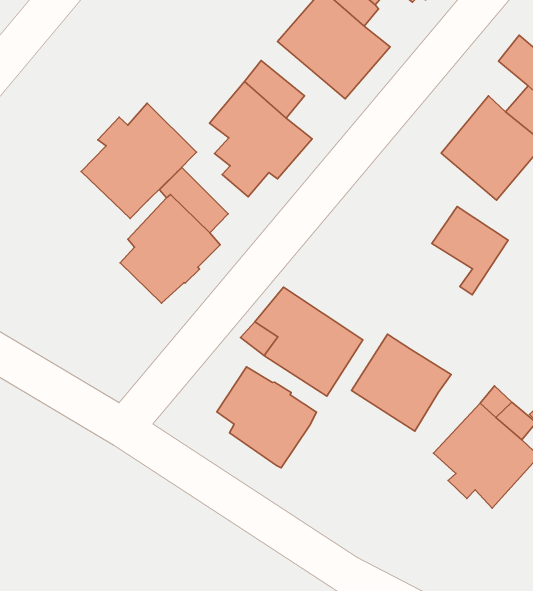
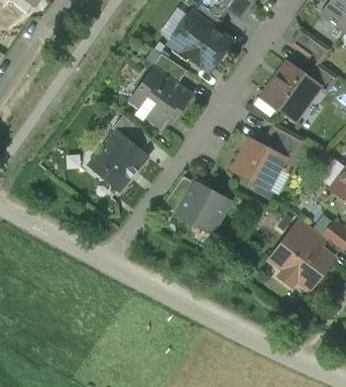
building: [81,103,196,218] -> none
building: [351,334,451,431] -> [231,139,284,191]
building: [217,367,317,468] -> none

